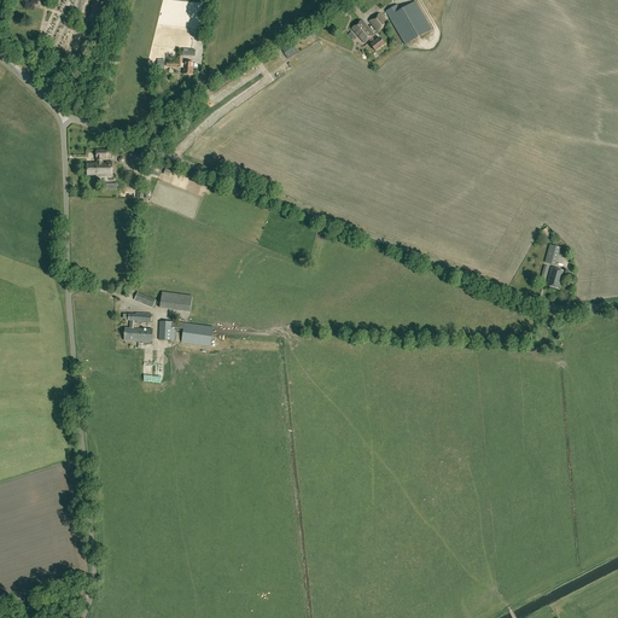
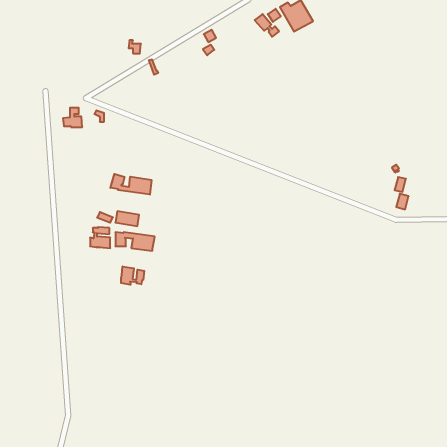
building: none -> [110,174,151,195]
building: none -> [121,266,144,285]

